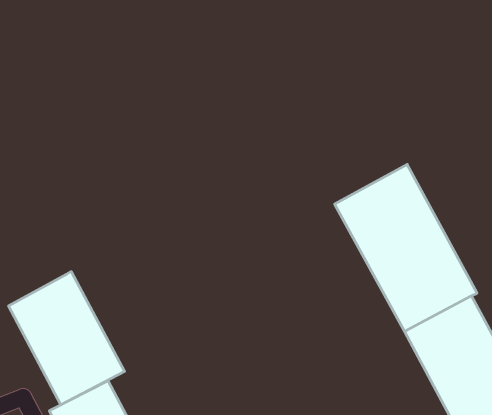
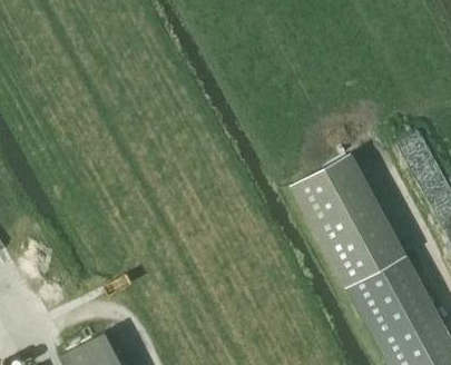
building: [9,272,125,405] -> none

